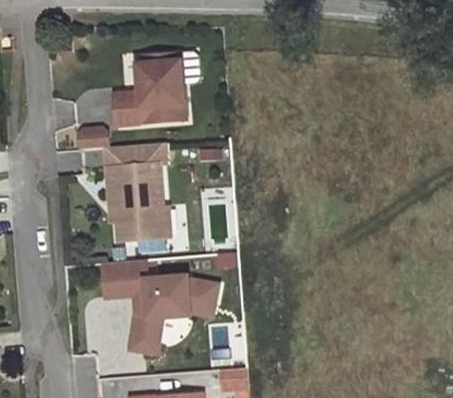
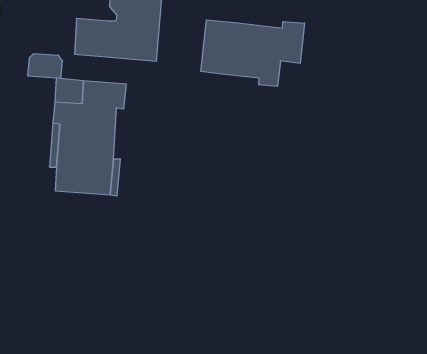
building: none -> [201,20,305,86]
building: [104,260,219,352] -> none

